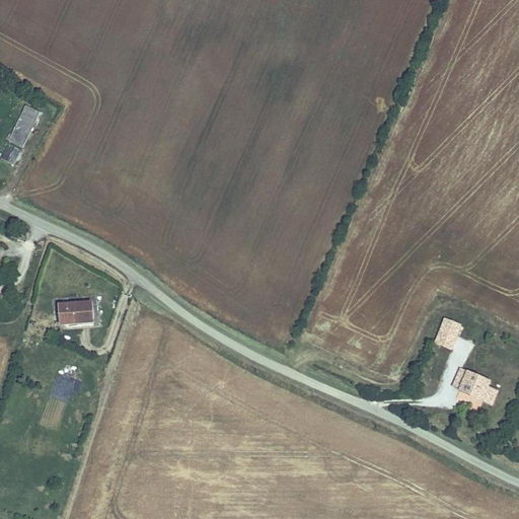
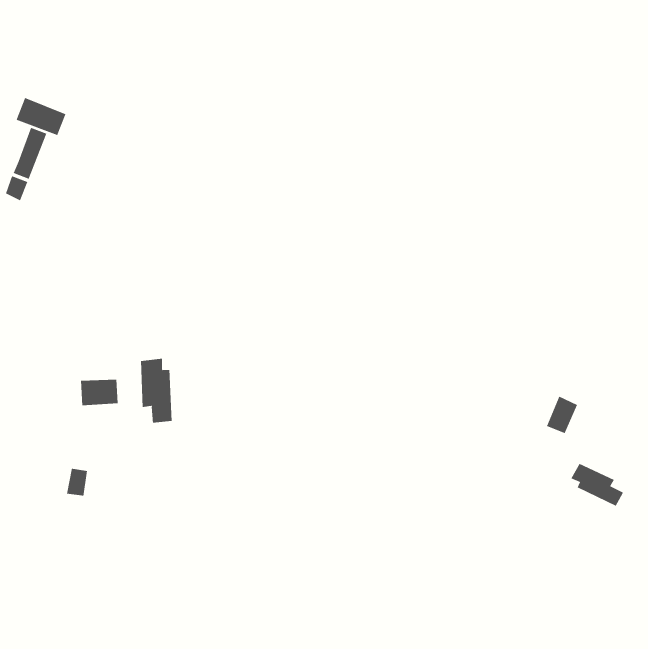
building: none -> [16,97,66,136]
building: none -> [141,358,172,423]

